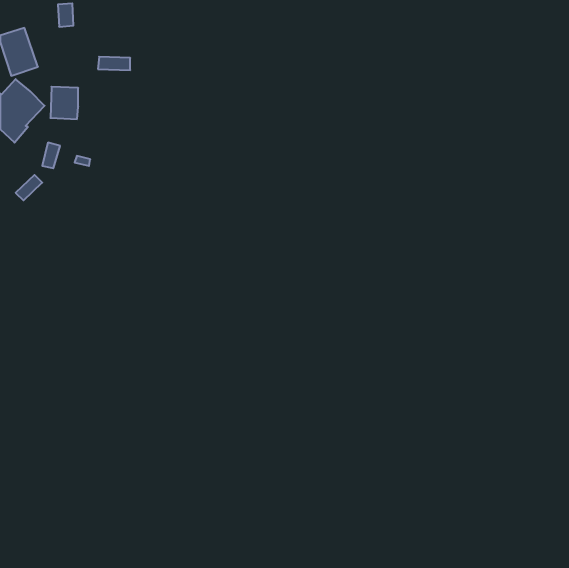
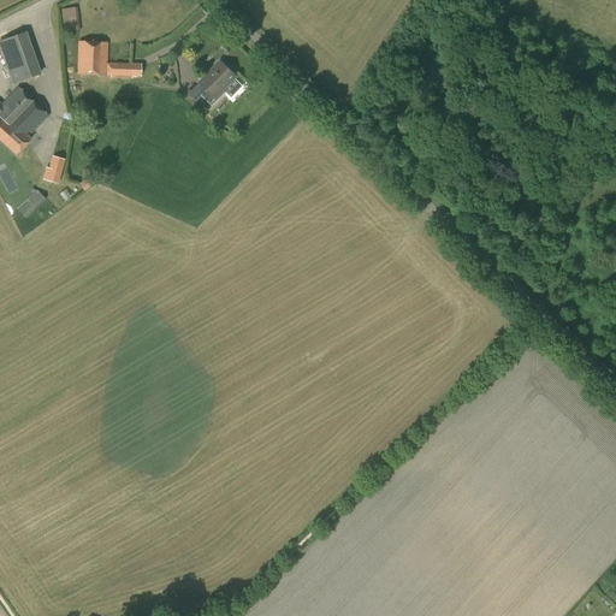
building: none -> [201,60,238,106]
building: [50,87,78,119] -> [77,40,107,75]

